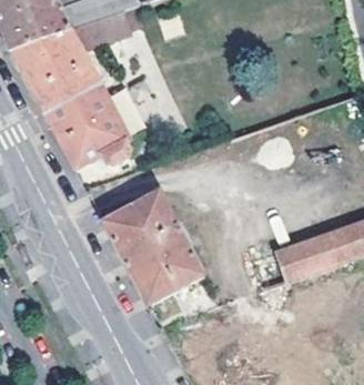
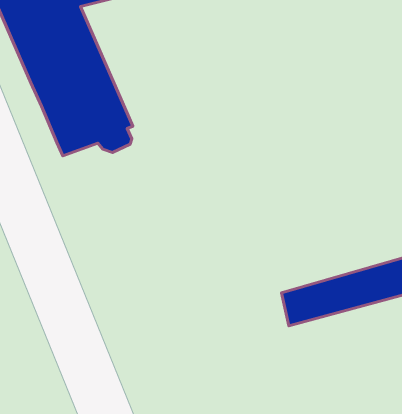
building: [102,190,204,304] -> none

